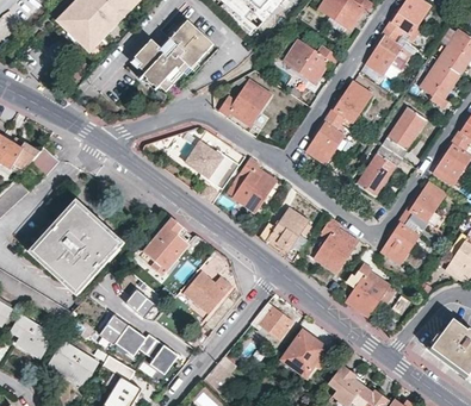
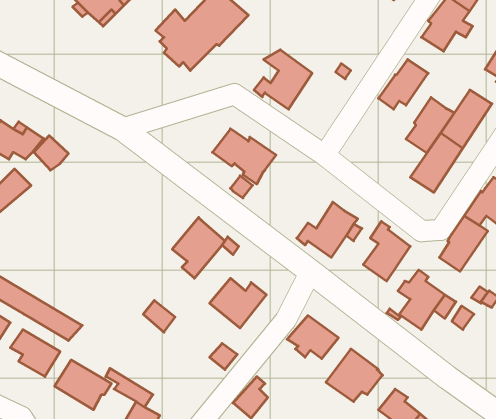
building: [284,40,336,81] -> none
building: [306,115,348,163] -> [406,97,454,153]
building: [225,158,275,211] -> none
building: [33,201,120,288] -> none
building: [99,314,178,374] -> none

